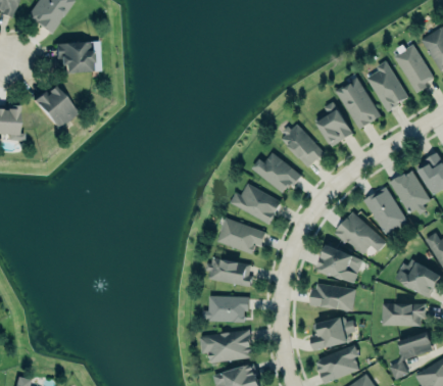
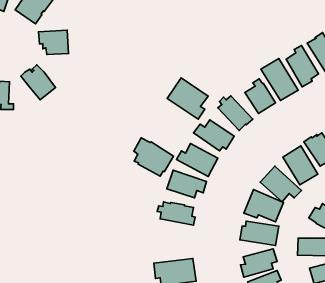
building: none -> [167,78,208,119]
building: none -> [134,138,173,176]
building: [203,295,250,322] -> none

